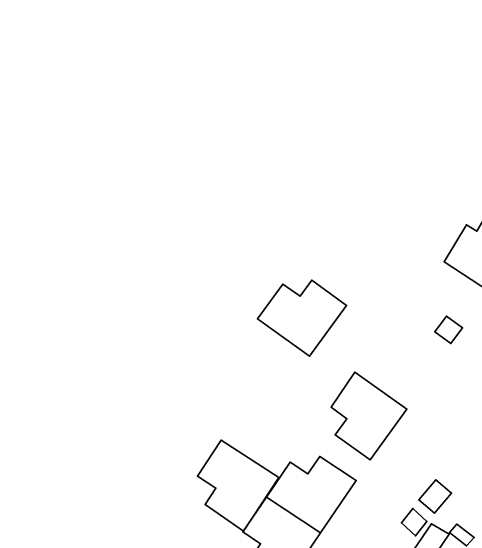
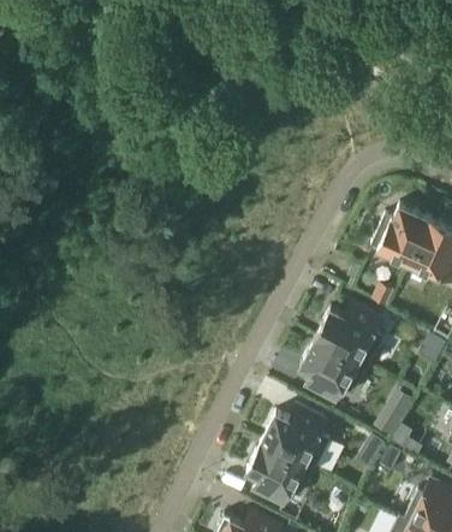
building: [257,280,347,356] -> [316,302,382,360]
building: [198,440,279,531] -> none

